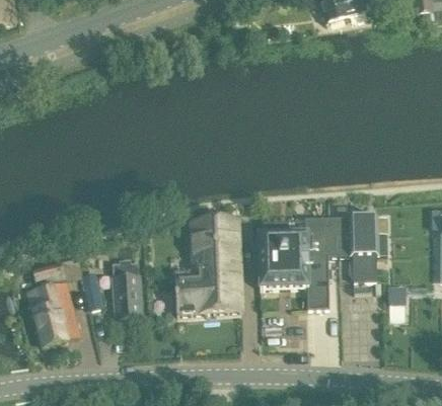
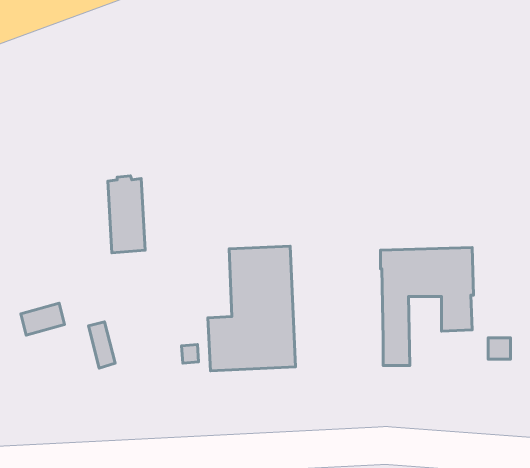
building: [257,233,307,288] -> none
building: [112,258,140,317] -> [108,176,145,253]
building: [32,280,79,344] -> none

